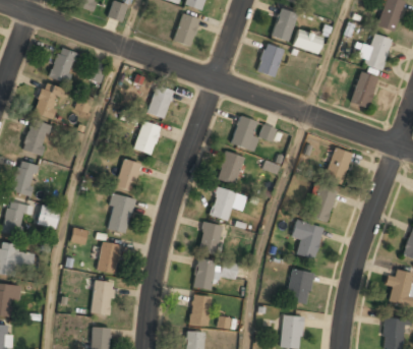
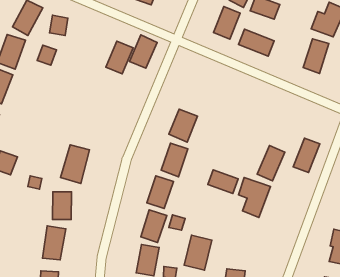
building: none -> [239,29,274,56]
building: [231,116,273,152] -> none
building: [133,121,161,156] -> [130,35,157,68]
building: [324,148,351,183] -> [293,138,320,173]
building: [115,160,141,193] -> none
building: none -> [208,170,238,193]
building: [286,269,313,304] -> [184,235,212,270]

